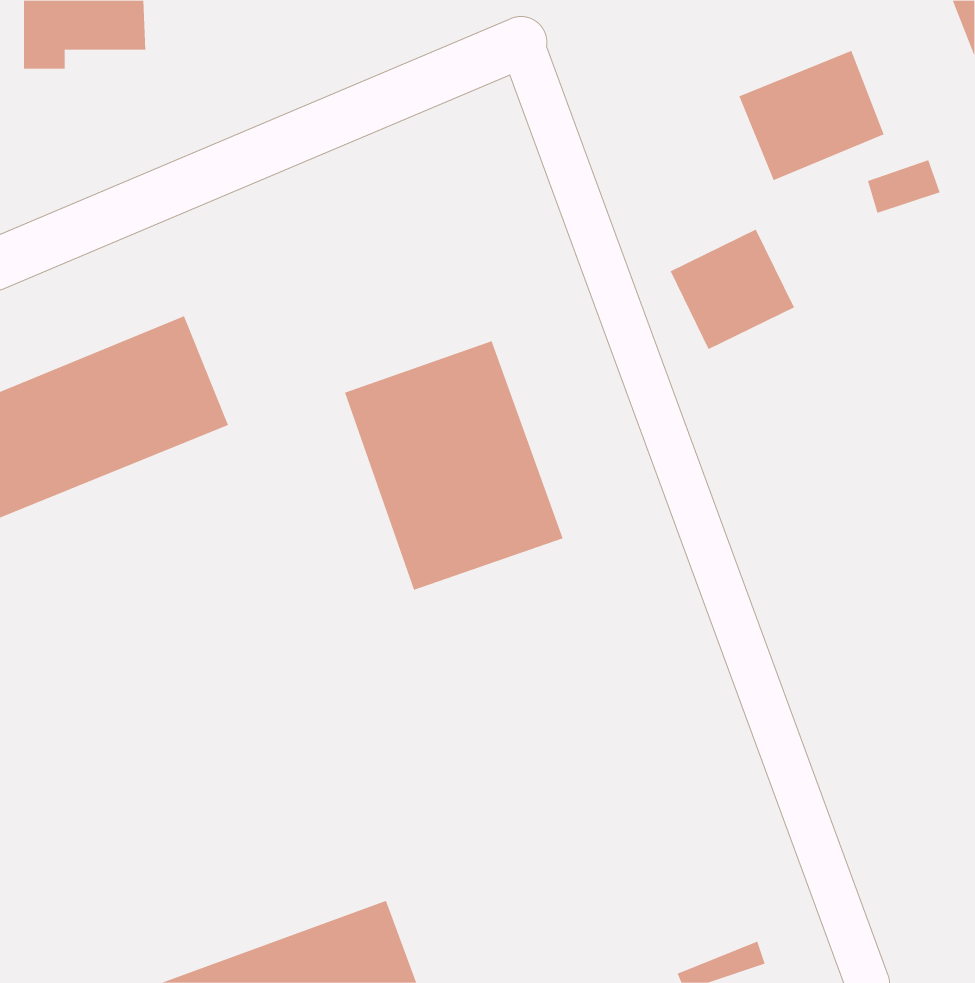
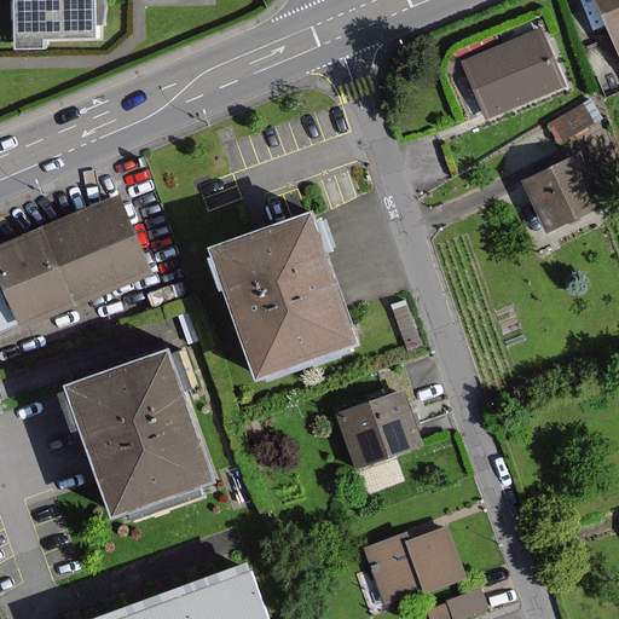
building: [670,229,795,350] -> [525,154,603,230]
building: none -> [71,353,206,508]
building: none -> [339,393,416,463]
building: none -> [364,530,458,601]

